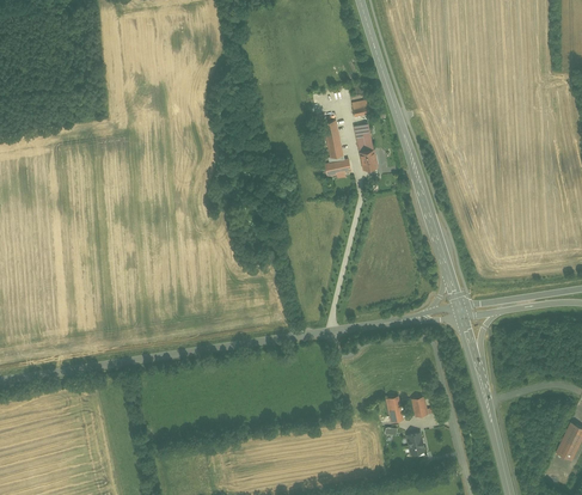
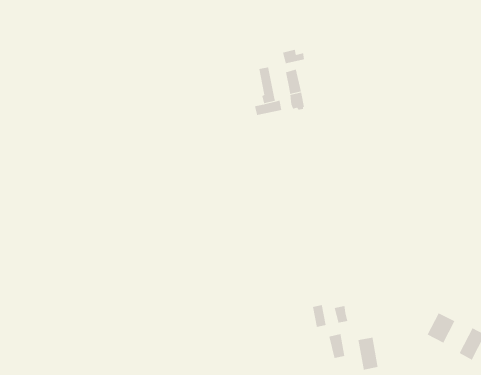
building: none -> [427,312,455,343]
building: none -> [358,337,378,370]

